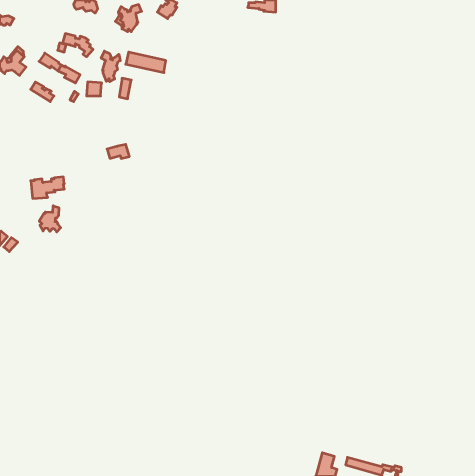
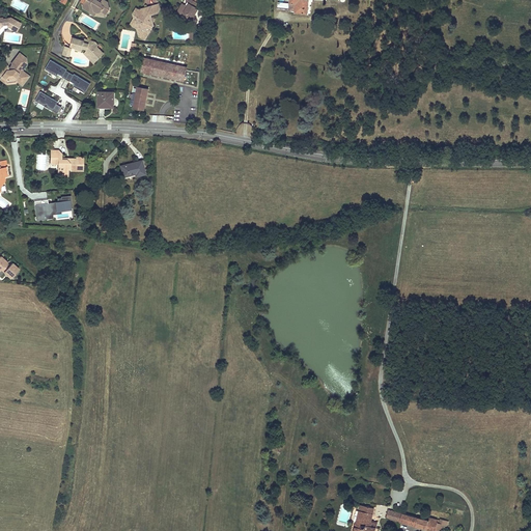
building: [101,51,120,82] -> none
building: none -> [50,149,83,175]
building: [39,206,61,232] -> none

